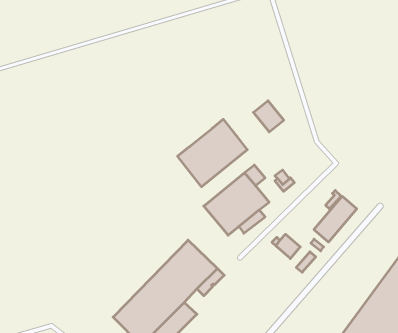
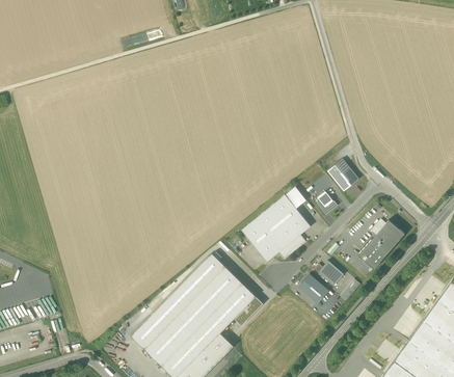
building: [253,101,284,132] -> [327,158,359,191]
building: [178,119,247,187] -> none
building: none -> [131,251,224,348]
building: none -> [298,273,329,303]

